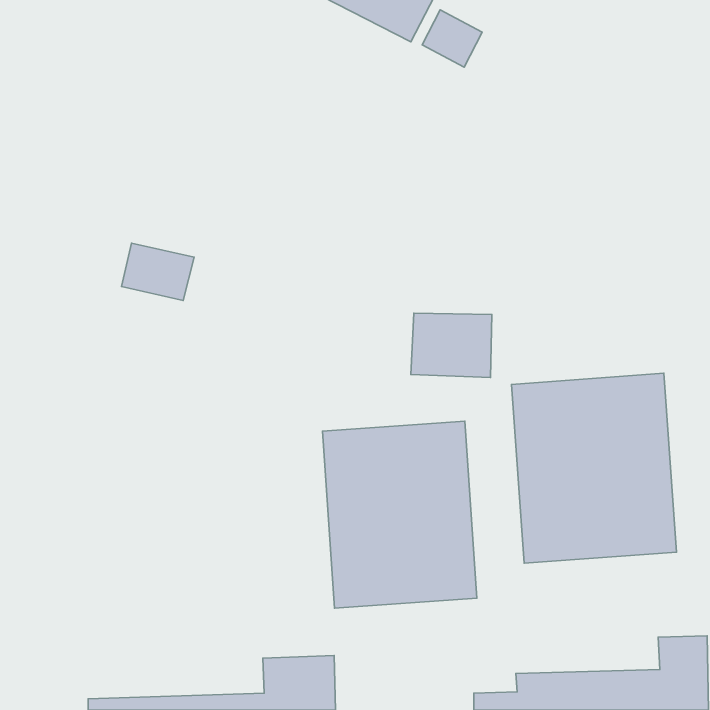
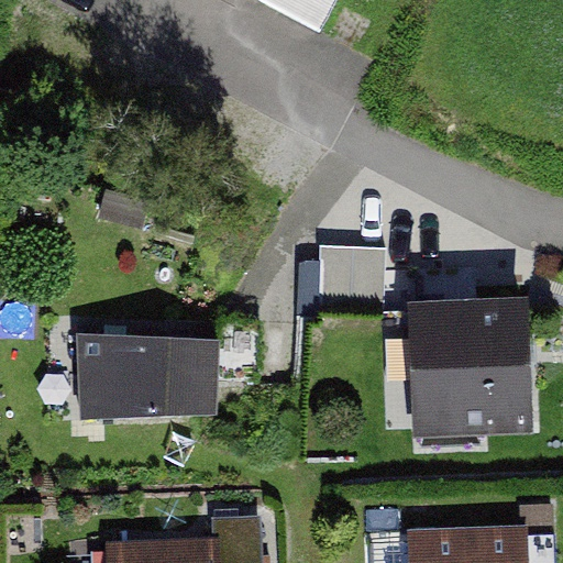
building: none -> [76,321,219,421]
building: [322,421,477,608] -> none

